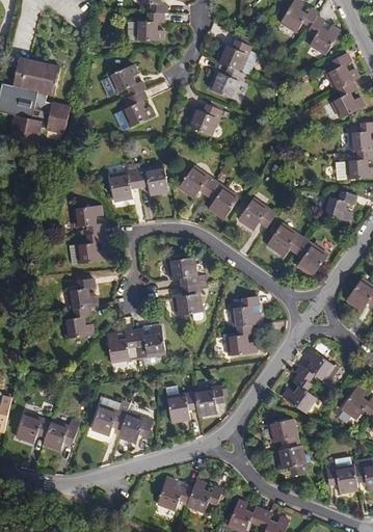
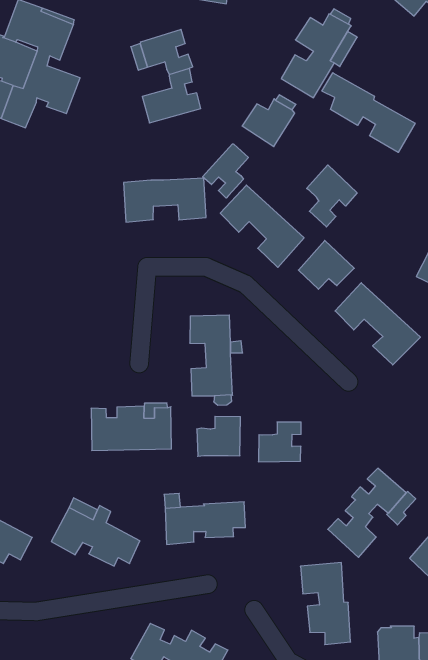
building: none -> [322,73,415,152]
building: none -> [203,144,248,198]
building: none -> [307,165,357,227]
building: [73,204,107,264] -> none
building: [63,277,98,338] -> none
building: [230,296,262,327] -> [197,416,240,456]

